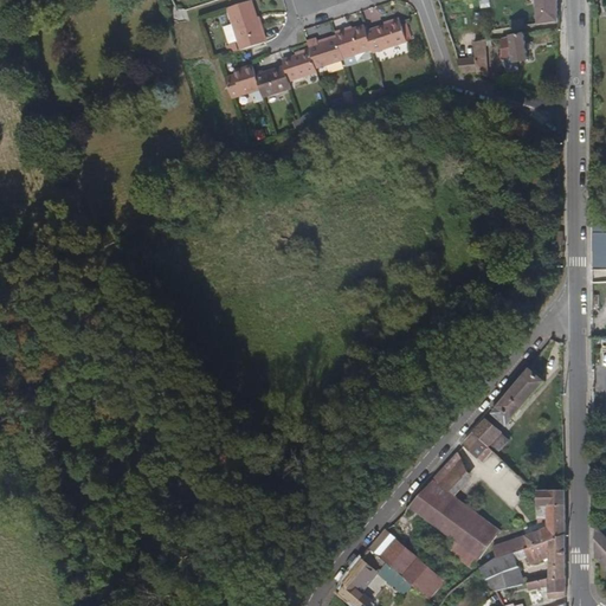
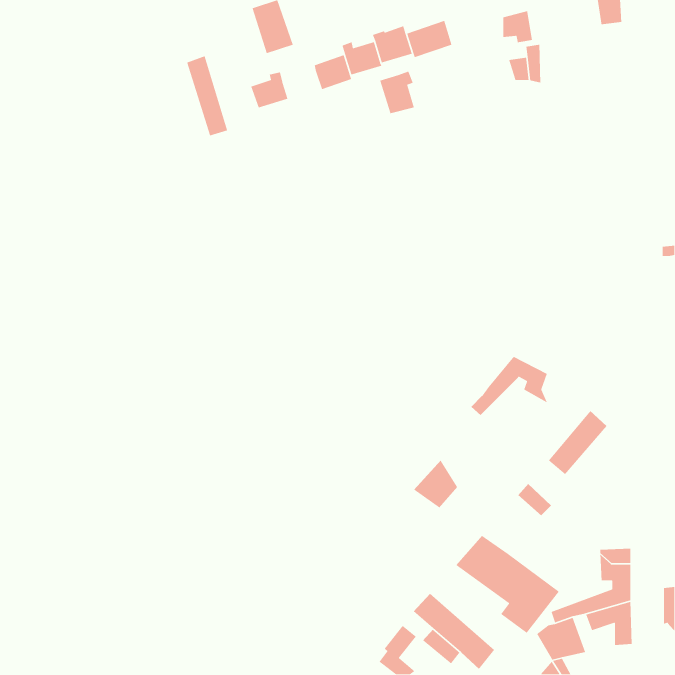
building: [499,32,527,62] -> [503,10,533,43]
building: none -> [186,55,228,136]
building: none -> [379,70,415,114]
building: [253,64,289,96] -> none
building: none -> [471,356,548,416]
building: [472,418,509,454] -> none
building: [431,451,471,495] -> [413,459,458,508]
building: [526,576,566,598] -> none

